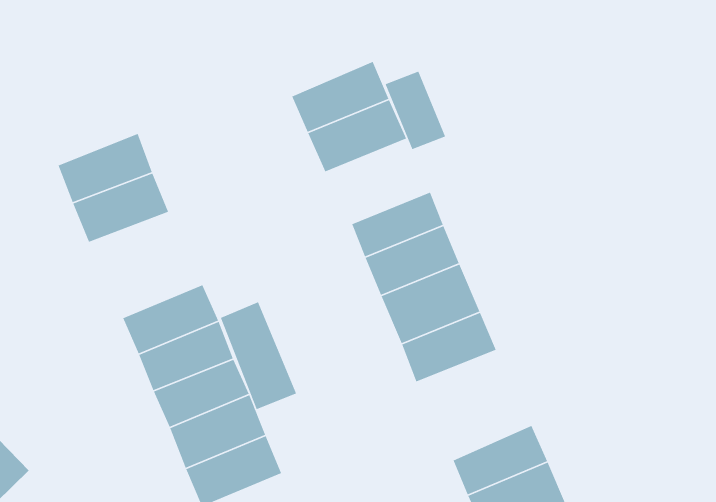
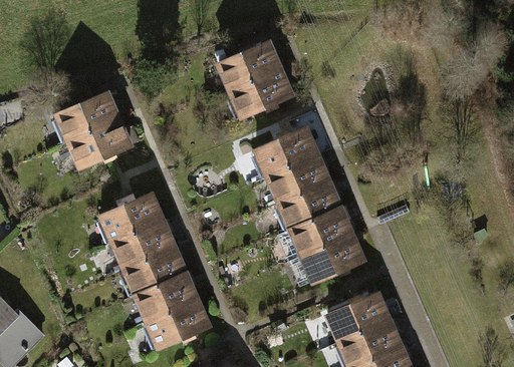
building: [384,70,446,150] -> none
building: [220,301,297,410] -> none
building: none -> [300,241,365,288]

